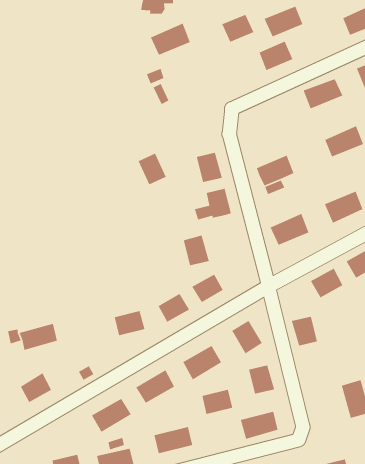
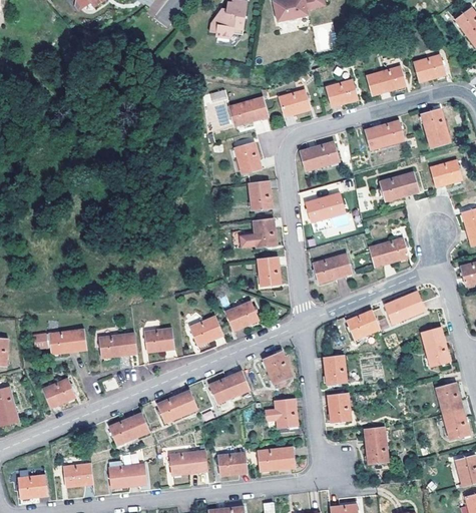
building: [264,5,304,38] -> [366,66,405,95]
building: [221,14,254,43] -> [278,89,310,116]
building: [150,23,191,56] -> [228,95,269,125]
building: none -> [300,142,339,172]
building: [138,152,167,185] -> [235,142,263,174]
building: [183,234,210,266] -> [258,255,282,286]
building: none -> [99,333,136,359]
building: none -> [327,393,351,423]
building: [201,389,233,415] -> [217,453,248,476]

